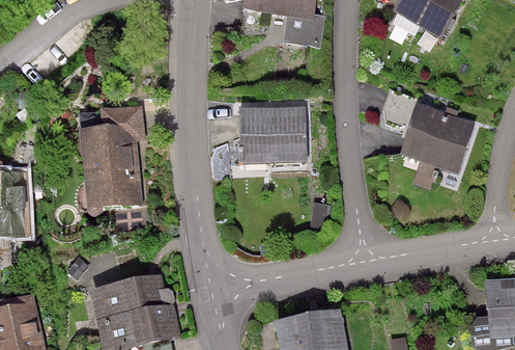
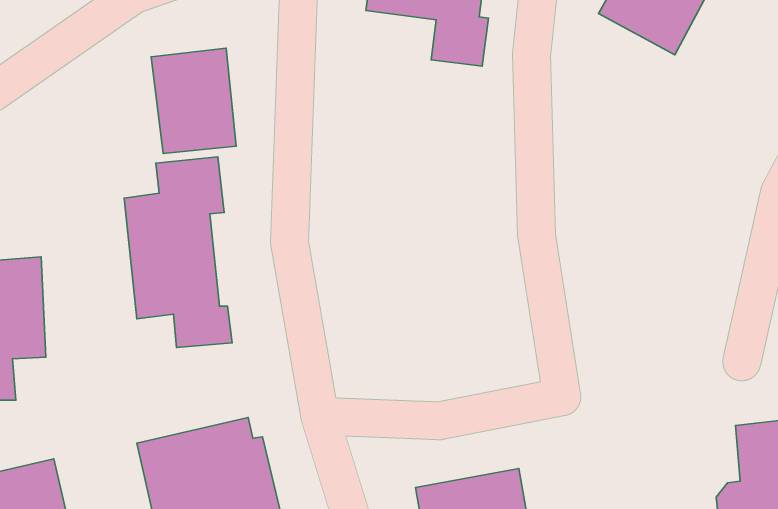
building: none -> [151,48,236,154]
building: [381,89,474,190] -> none
building: [236,106,308,162] -> none

